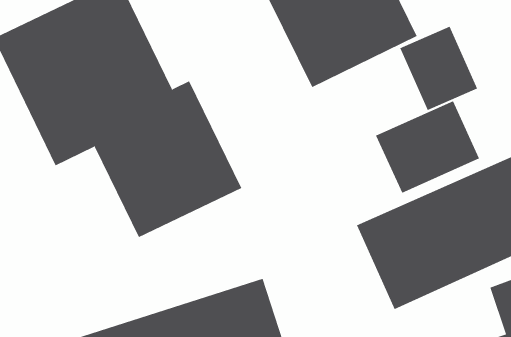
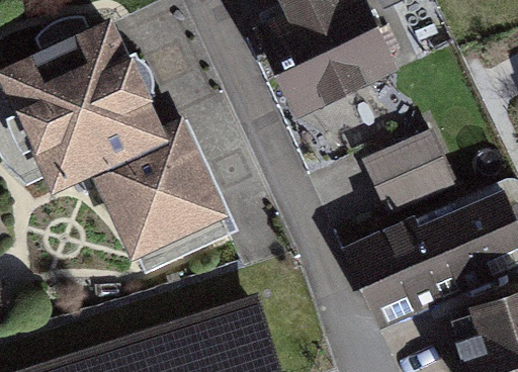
building: [400,26,478,111] -> none

